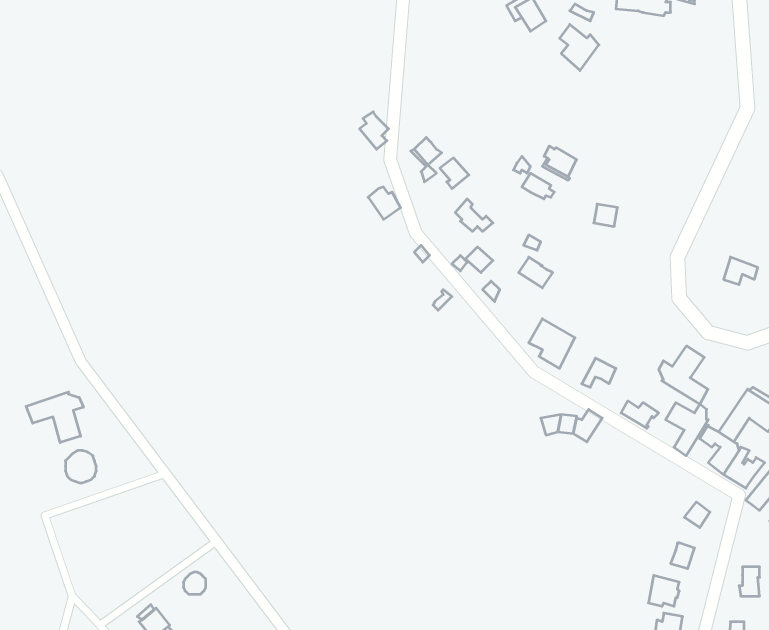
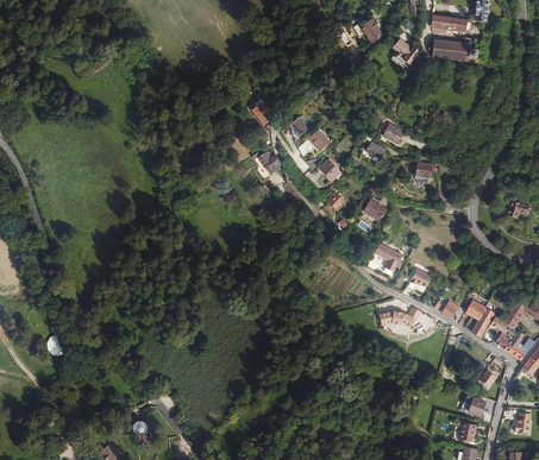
building: none -> [431,37,476,65]
building: [659,346,708,404] -> none
building: [26,392,83,443] -> none

